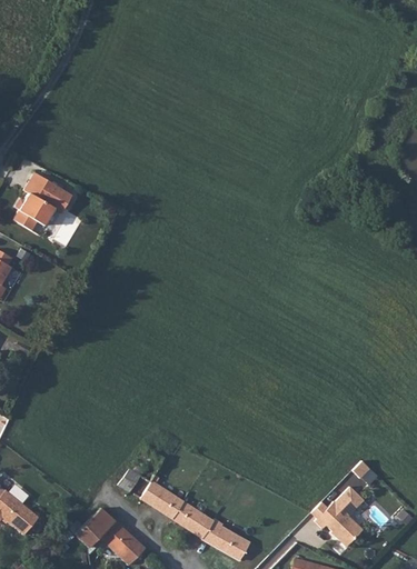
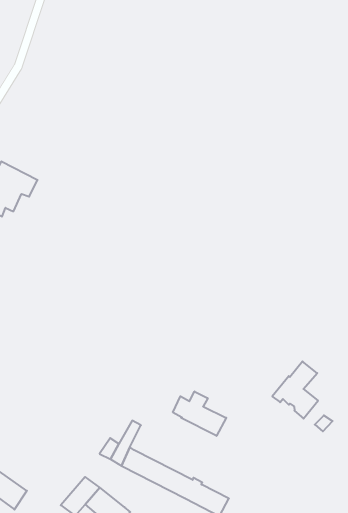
building: none -> [173,391,226,436]
building: [310,487,359,547] -> [272,361,318,419]

